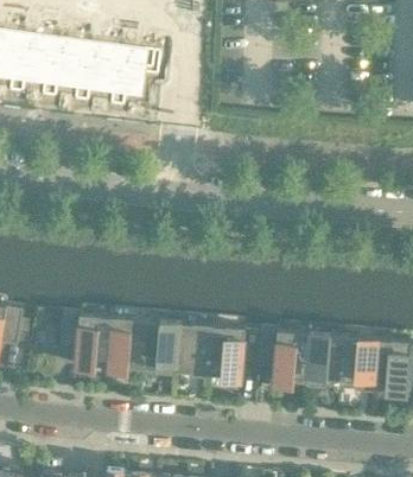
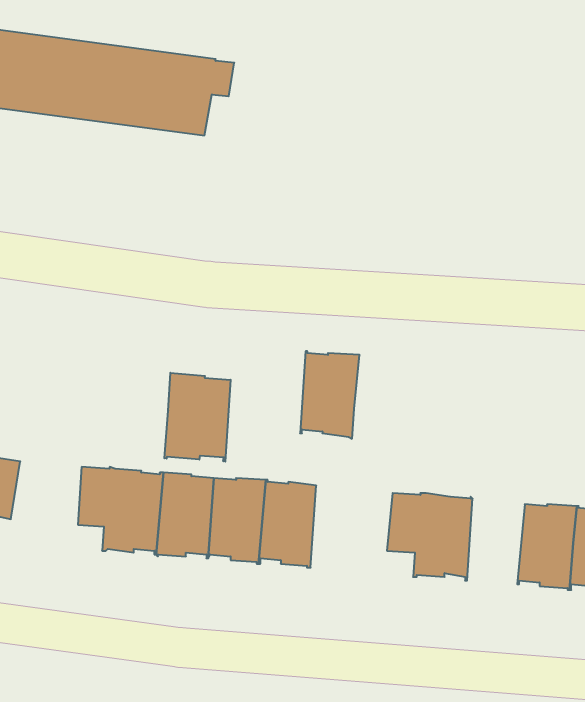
building: none -> [164,373,231,462]
building: [209,325,247,381] -> [300,351,360,439]
building: [309,333,345,388] -> none

